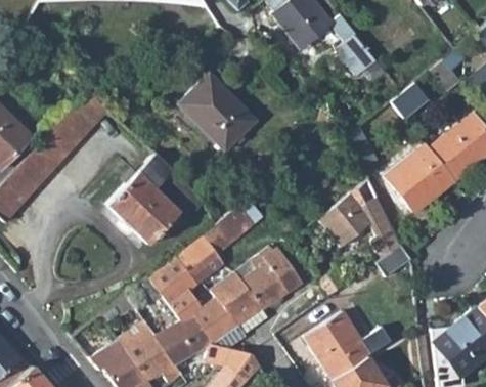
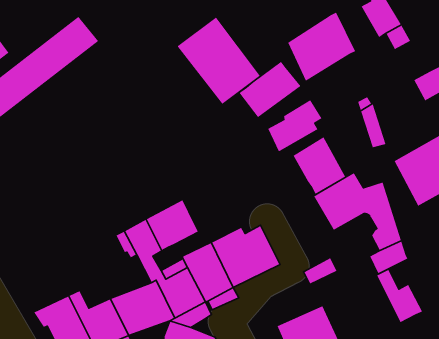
building: none -> [287,12,356,82]
building: none -> [239,61,302,118]
building: [108,154,206,245] -> none
building: none -> [292,136,346,195]
building: [205,206,252,257] -> [267,99,323,153]
building: none -> [376,269,423,323]

